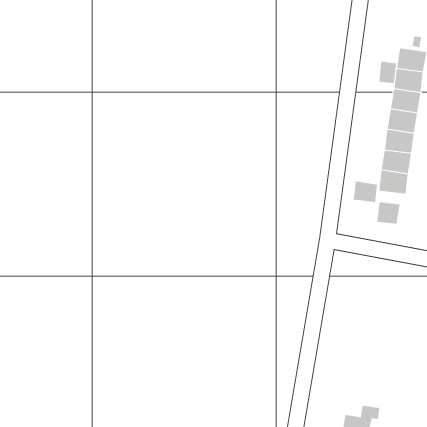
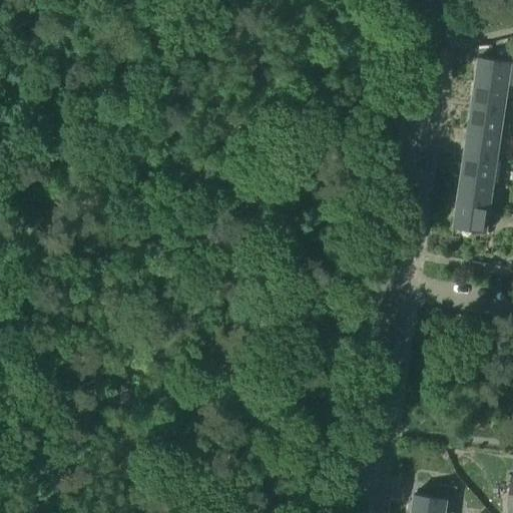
building: [379,61,397,84] -> none
building: [353,181,377,203] -> none
building: [377,201,400,225] -> none

